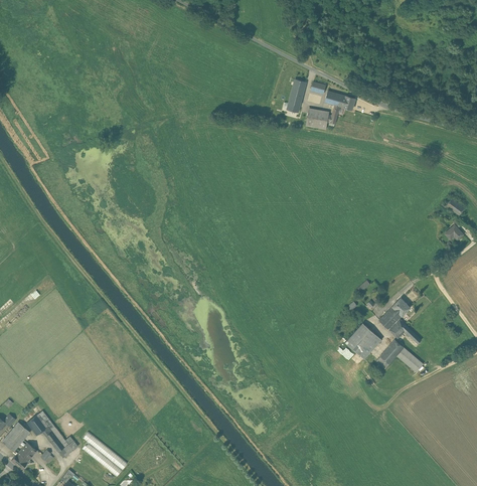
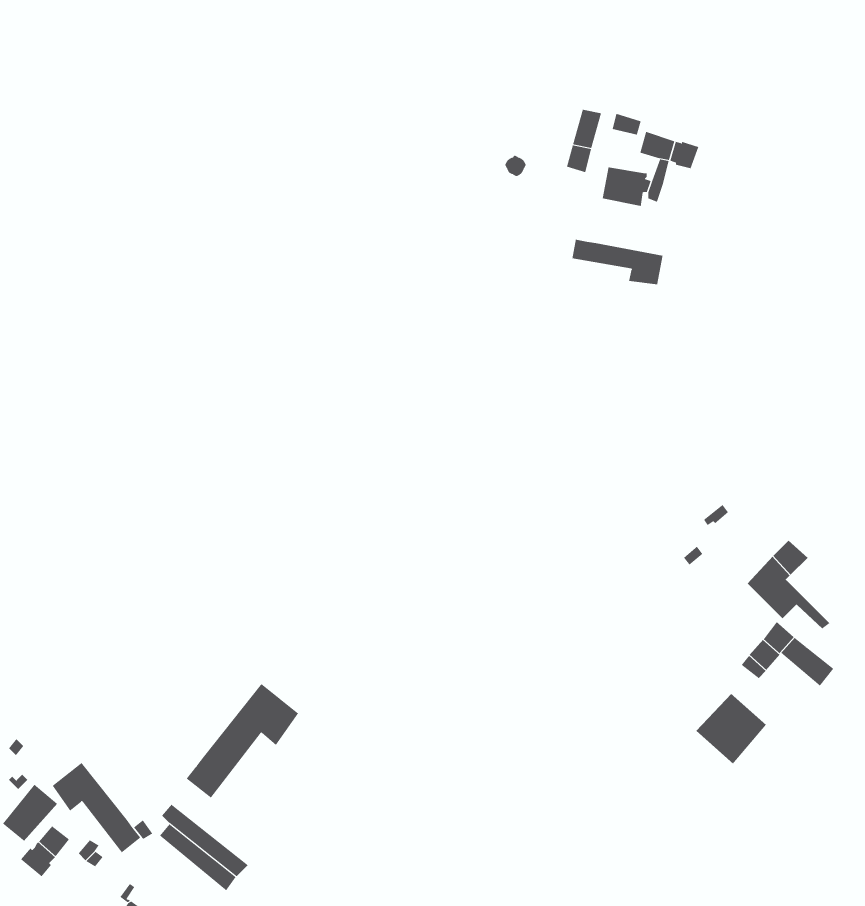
building: none -> [572,239,663,285]
building: [345,323,381,359] -> [695,693,767,765]
building: none -> [186,683,299,799]

